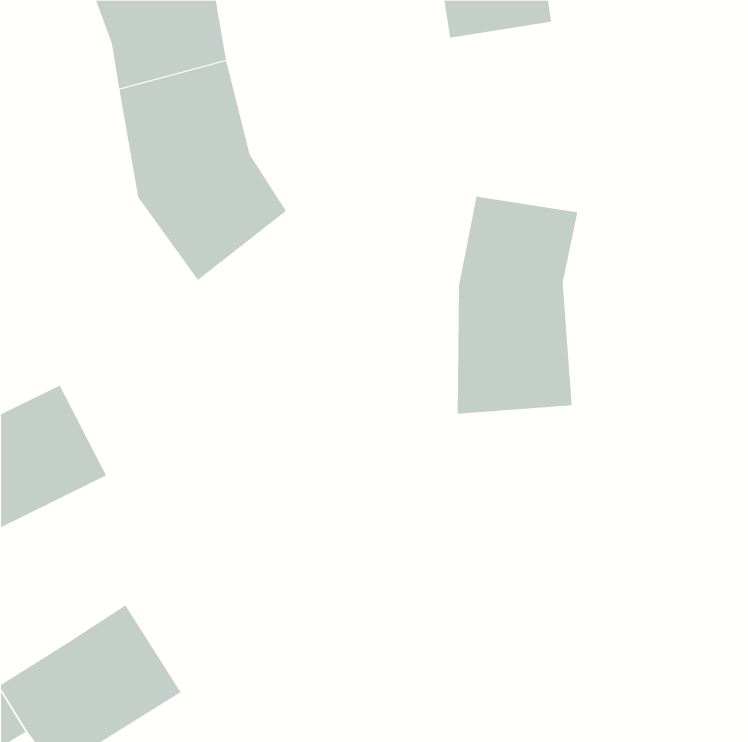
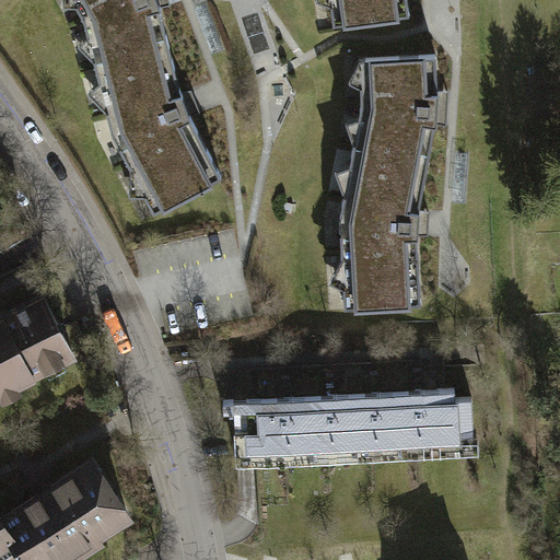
building: none -> [355,54,442,163]
building: none -> [233,386,479,469]

